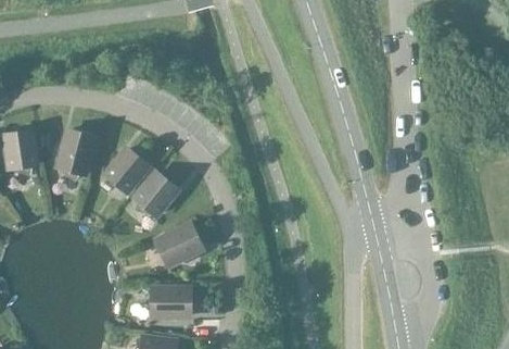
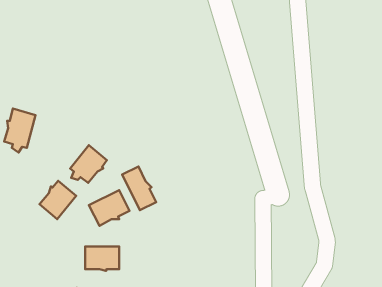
building: [105,148,148,192] -> [39,181,76,219]
building: none -> [122,166,156,210]

